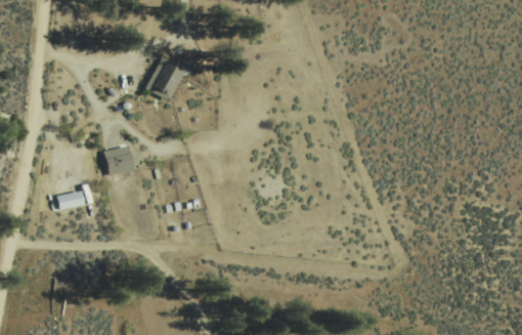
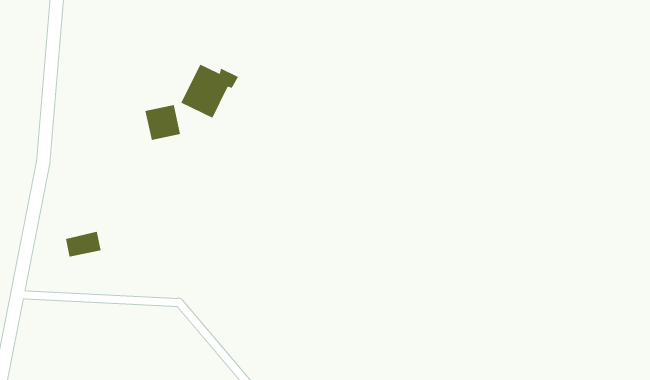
building: [105,146,134,175] -> [145,104,181,141]

